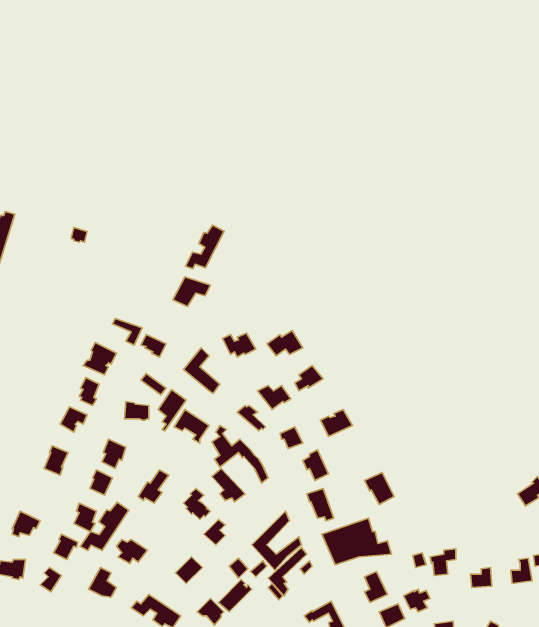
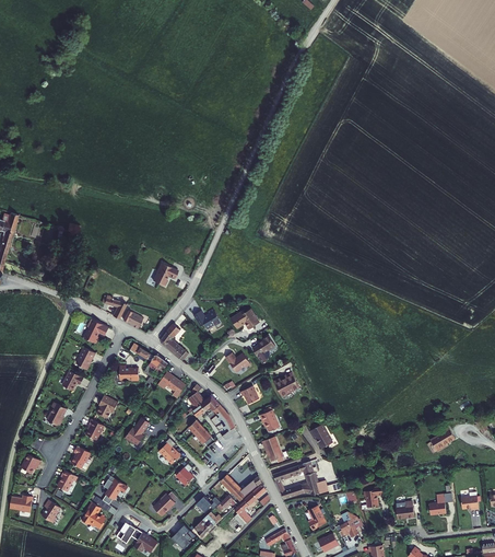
building: [186,225,224,269] -> none
building: [80,502,129,550] -> none

